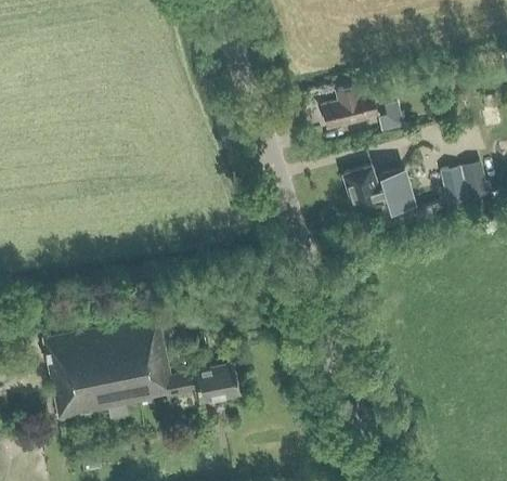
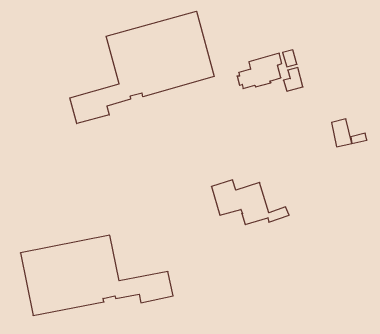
building: none -> [70,11,214,124]
building: [343,167,443,224] -> [211,180,289,225]

